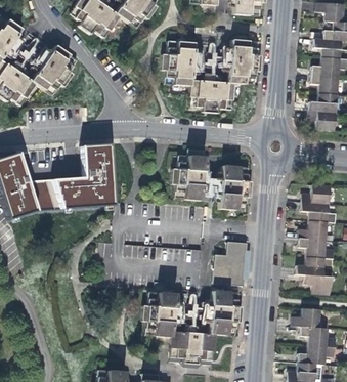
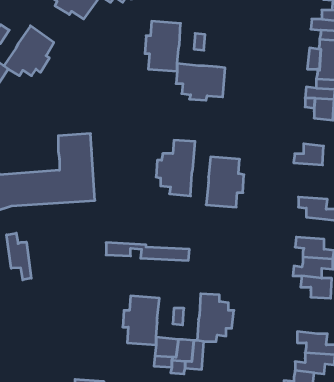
building: [228,39,262,83] -> none
building: [303,184,331,204] -> [294,144,324,165]
building: [301,220,328,241] -> none
building: none -> [7,233,31,280]
building: [214,243,248,286] -> none
building: [294,307,321,328] -> none

